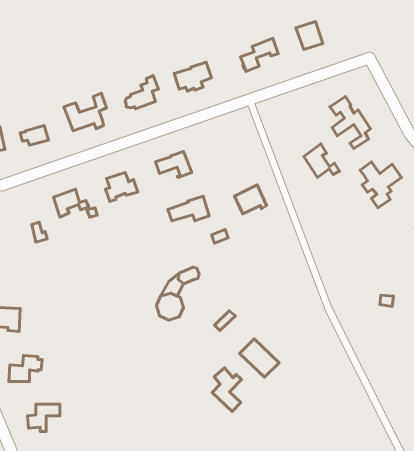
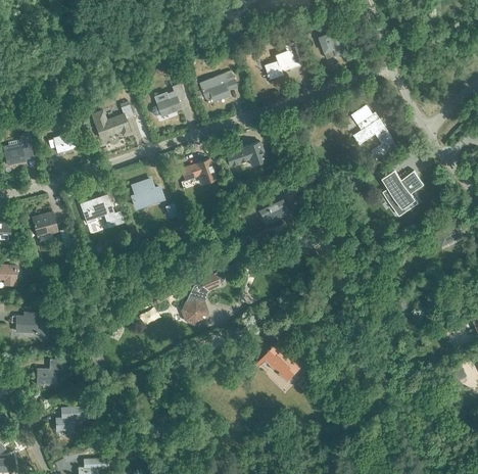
building: [304,144,340,178] -> none
building: [168,196,209,221] -> [225,142,266,167]
building: none -> [33,211,57,236]
building: [212,368,241,412] -> none

